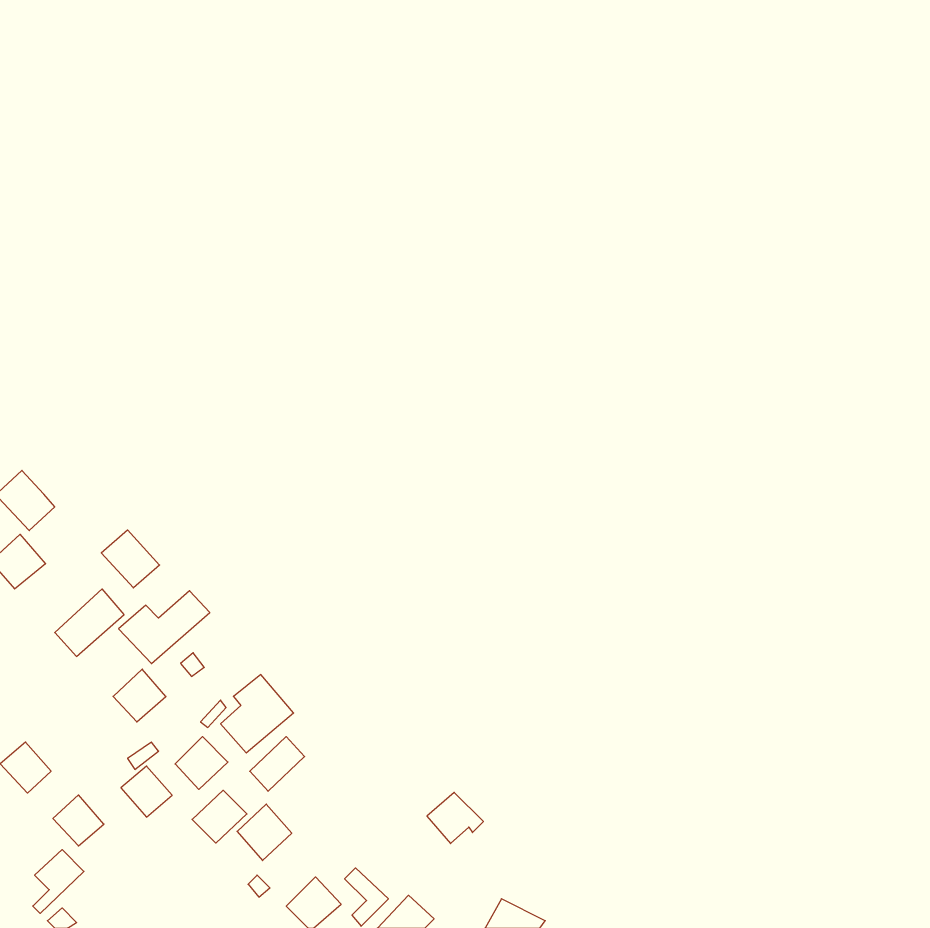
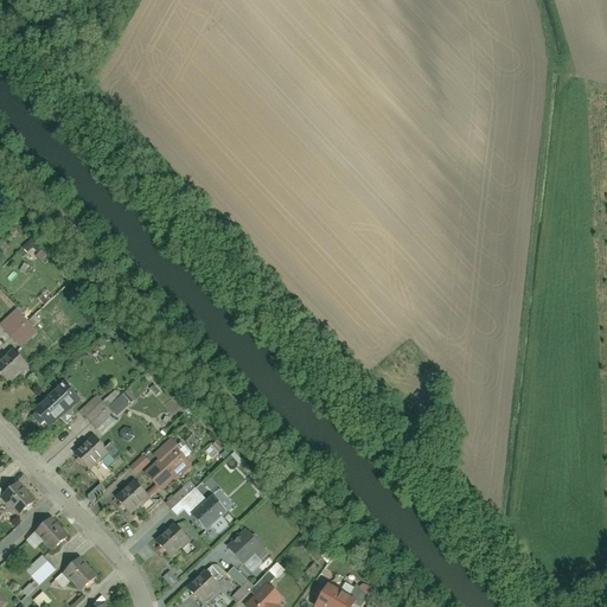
building: [101,530,160,588] -> none
building: [121,766,172,817] -> [63,558,96,592]
building: [192,790,247,843] -> [191,494,226,529]
building: [427,792,483,844] -> [228,530,264,563]

